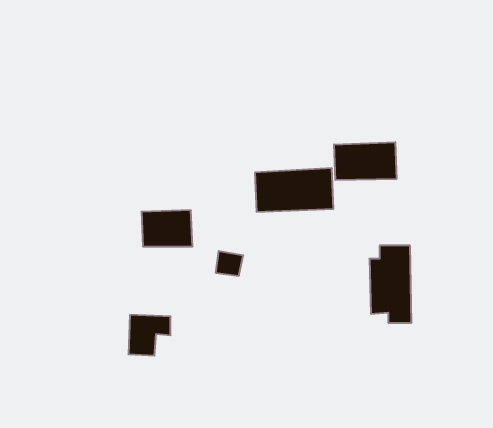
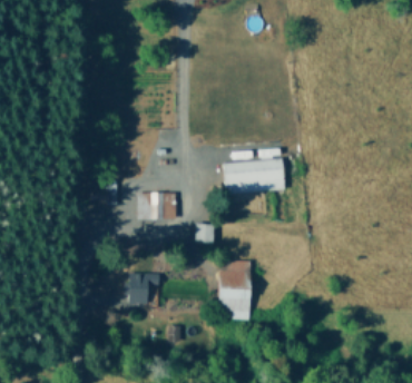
building: [334,142,397,180] -> none
building: [369,246,412,323] -> [218,259,251,318]

